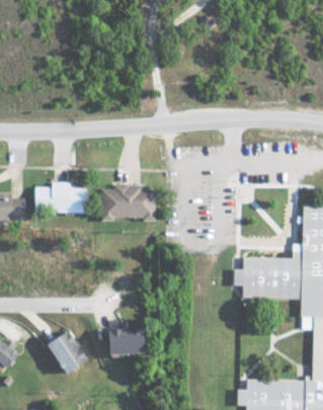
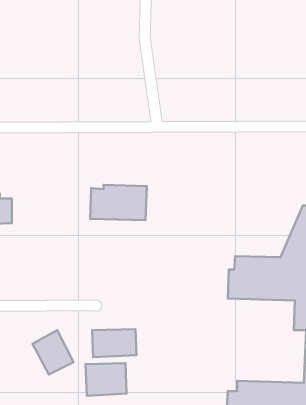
building: [31,184,82,214] -> none
building: none -> [85,363,127,396]

